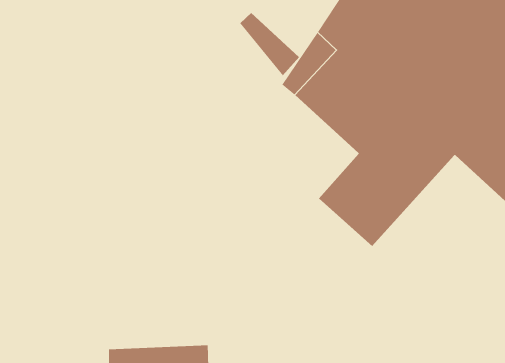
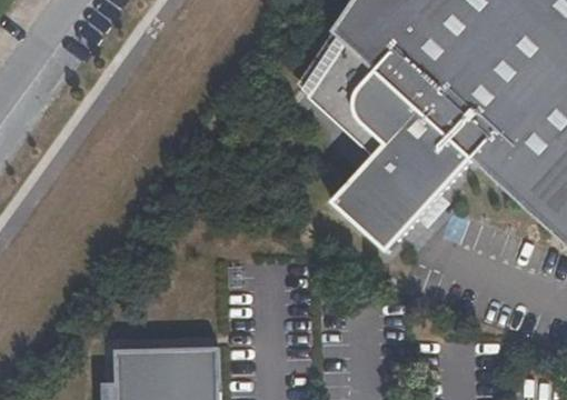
building: [240,12,300,76] -> none

